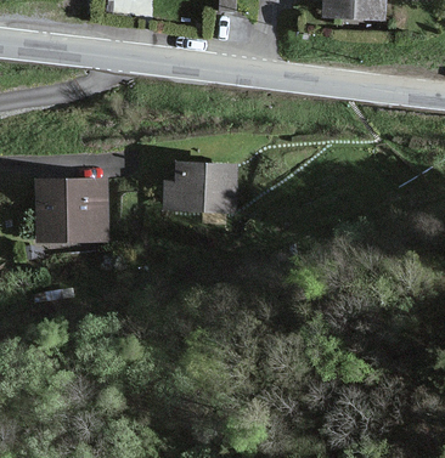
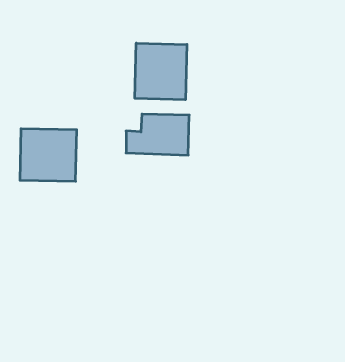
building: none -> [135,43,187,100]

